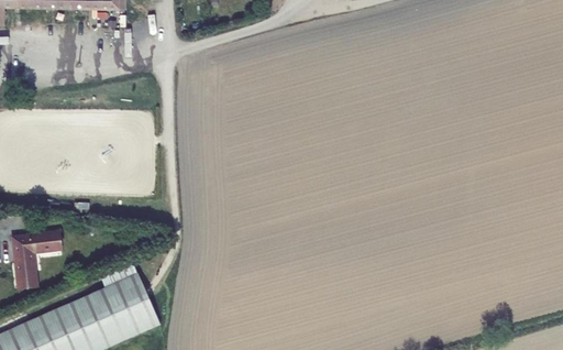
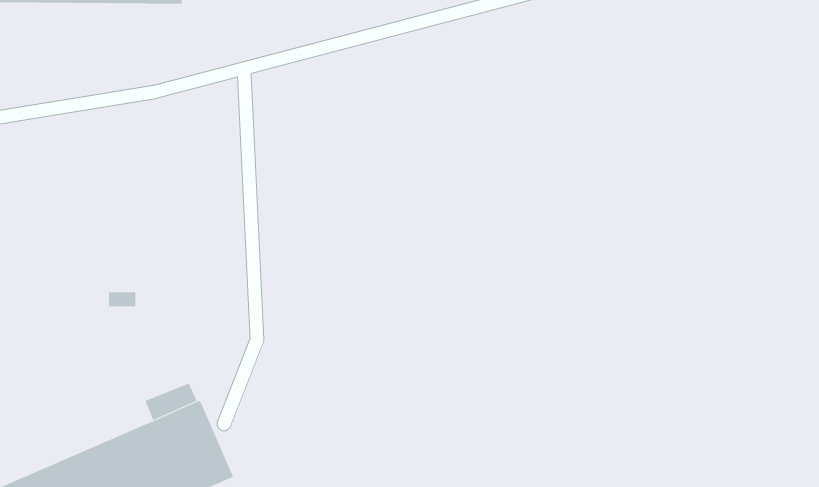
building: [11,231,60,288] -> none

